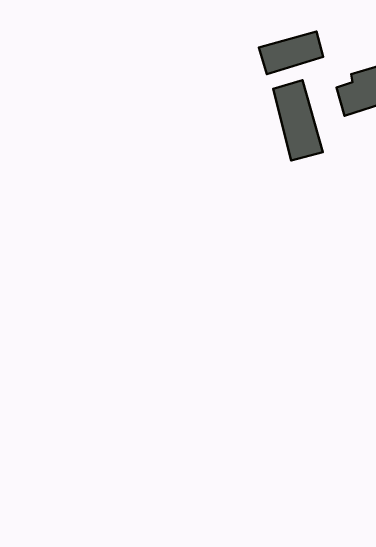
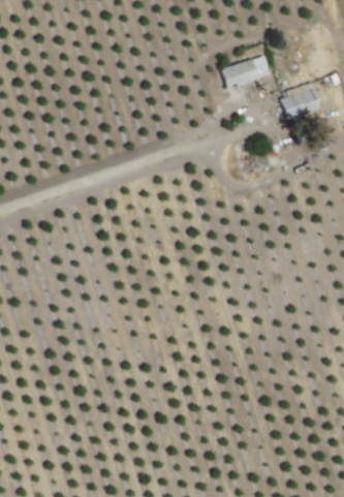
building: [273,80,323,160] -> none

